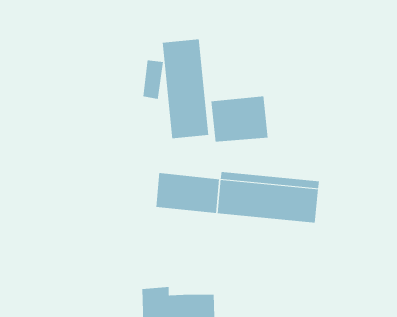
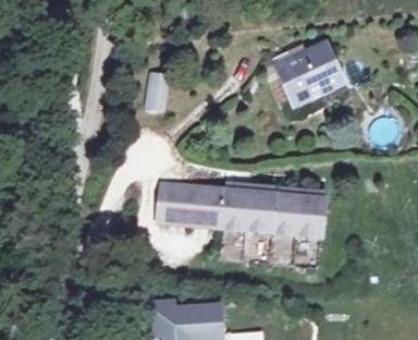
building: [162,39,209,139] -> none
building: [210,96,268,142] -> [274,45,333,92]

